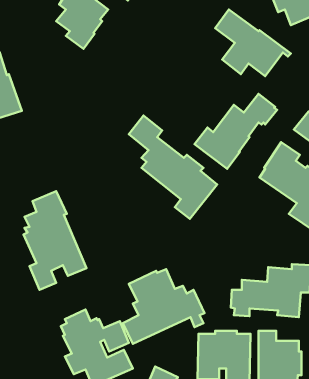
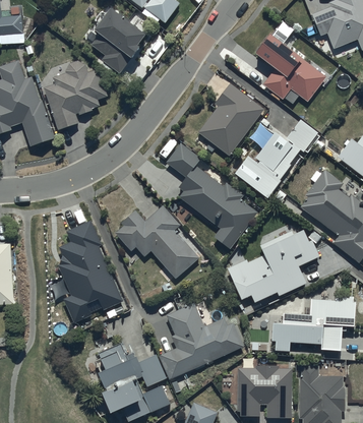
building: none -> [43,61,107,130]
building: none -> [197,83,263,156]
building: none -> [115,205,198,279]
building: none -> [227,229,319,302]

